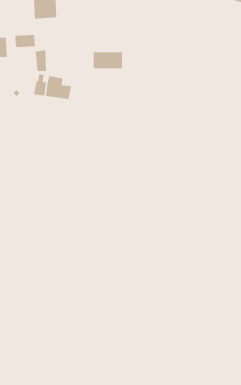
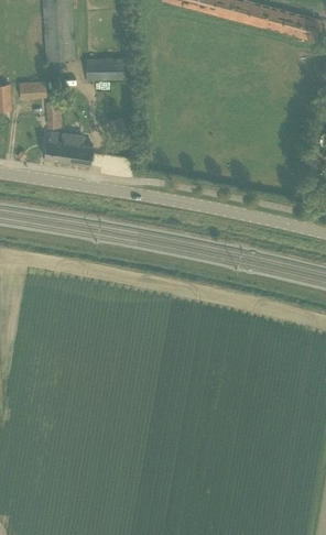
building: [93,52,123,69] -> [86,58,124,80]

